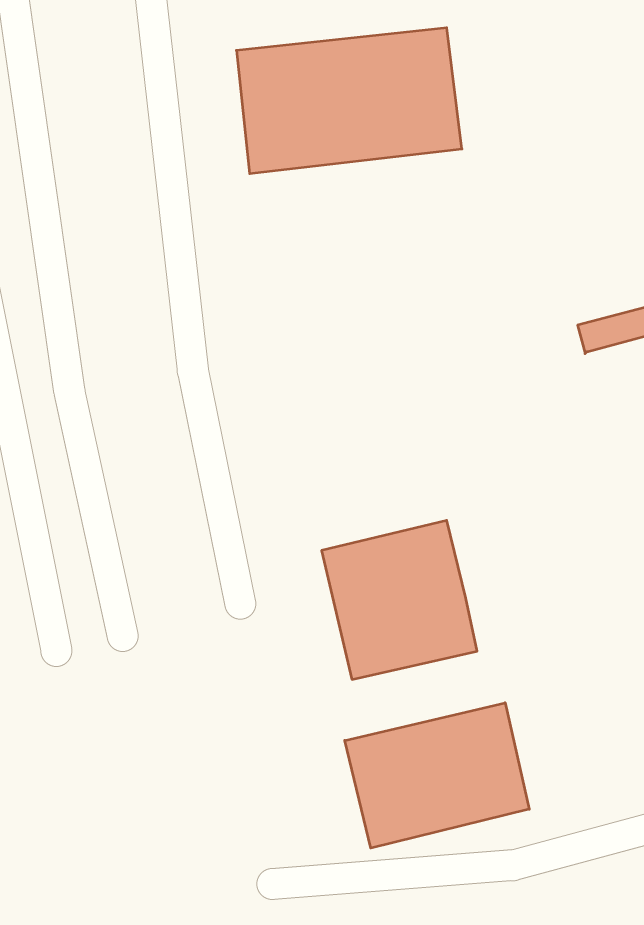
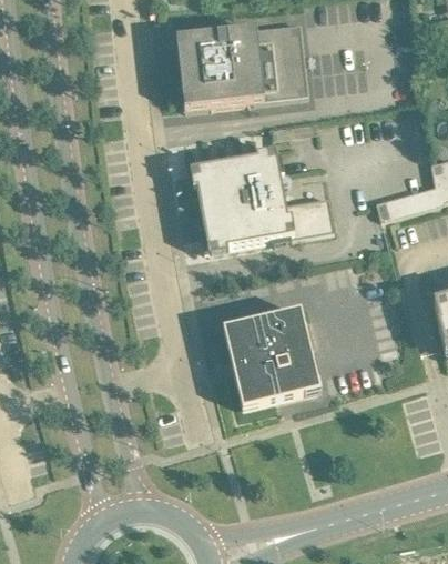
building: none -> [194,154,335,251]
building: [345,703,529,848] -> none

